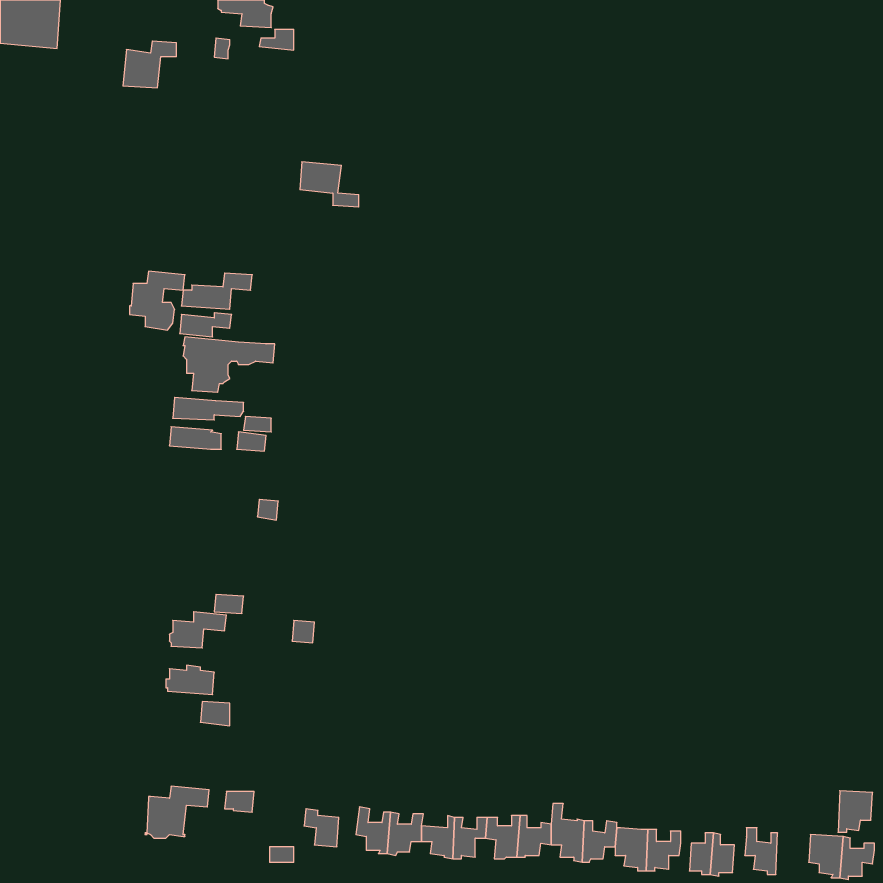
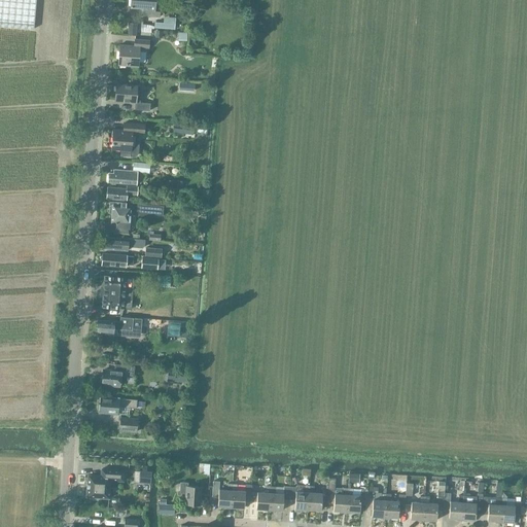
building: [123,41,176,88] -> [118,39,150,67]
building: [300,162,359,207] -> [116,84,151,111]
building: [130,271,185,330] -> [112,122,145,157]
building: none -> [102,276,126,309]
building: none -> [97,317,141,344]
building: [838,791,873,832] -> [462,496,483,521]

